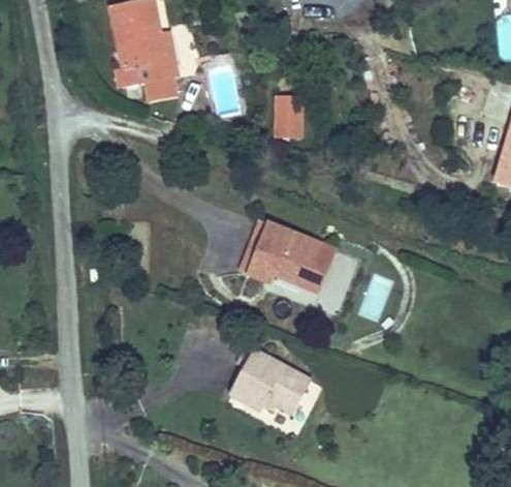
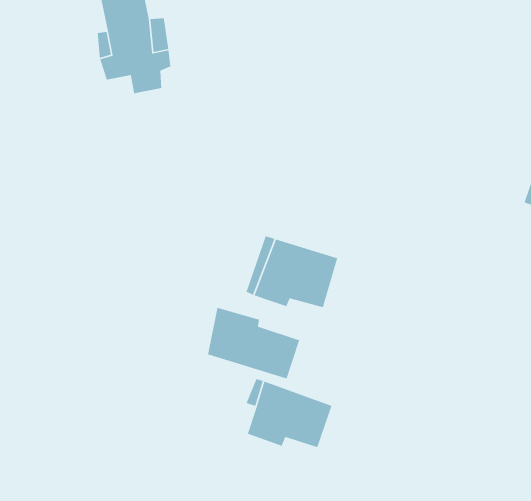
building: [269,93,294,135] -> none
building: none -> [207,307,300,379]

